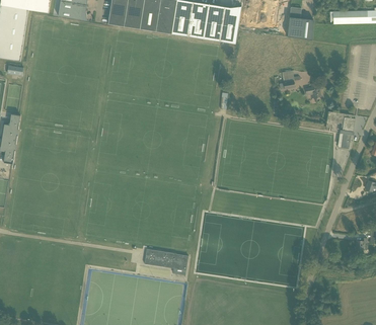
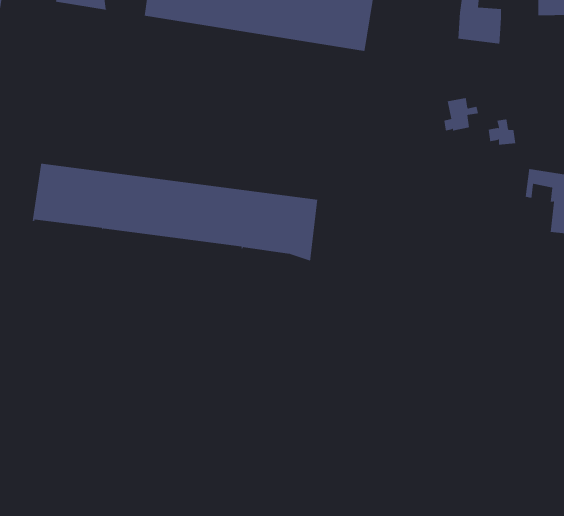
building: none -> [32,163,318,261]
building: [144,248,187,269] -> none

